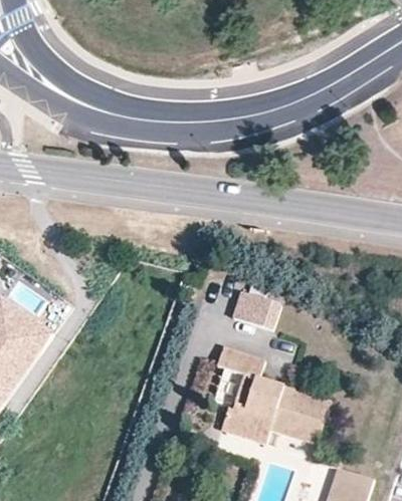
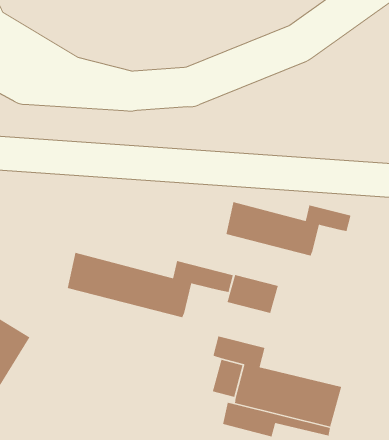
building: none -> [225,201,351,256]
building: none -> [67,252,234,318]

